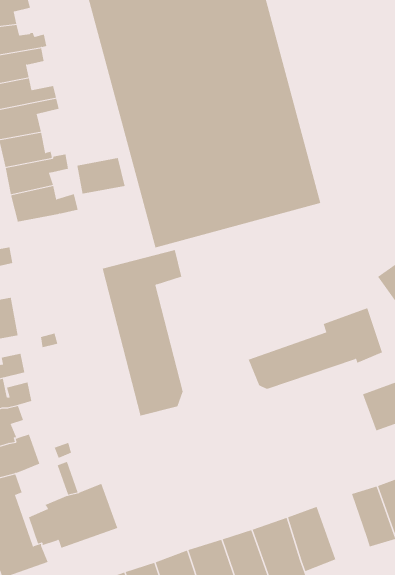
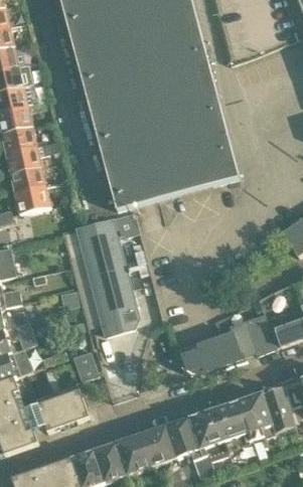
building: [76,157,125,194] -> [14,186,50,213]
building: [248,308,383,389] -> [174,314,274,374]
building: none -> [71,350,98,381]
building: none -> [236,392,275,441]

